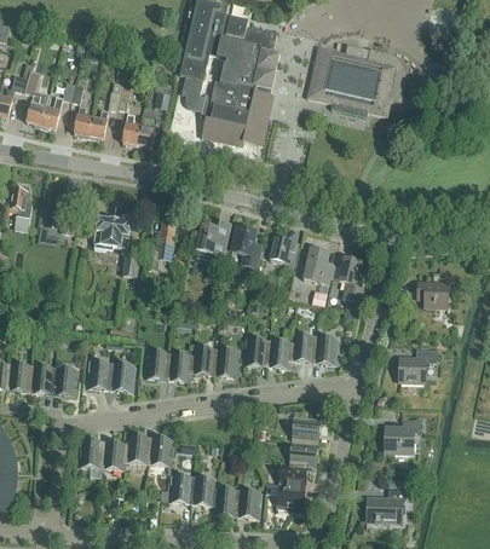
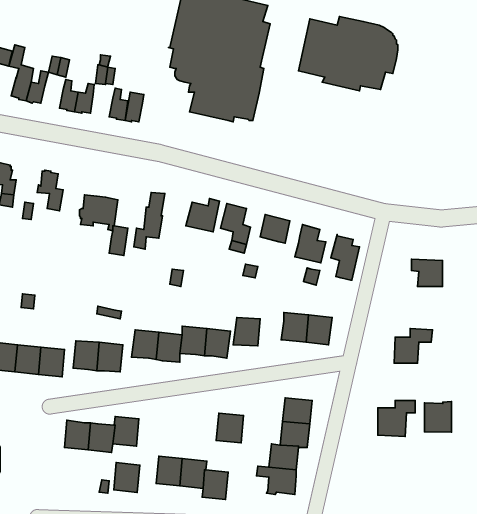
building: [267,339,293,368] -> none
building: none -> [425,402,451,432]
building: [149,437,174,466] -> [114,463,140,492]
building: [236,489,263,518] -> [216,413,244,443]
building: [367,489,407,521] -> none

